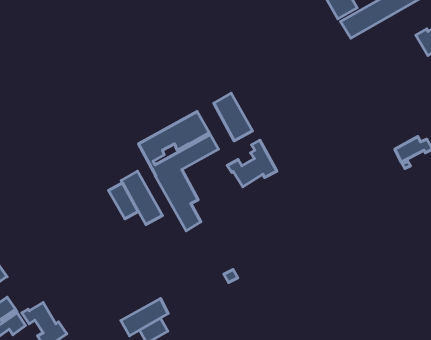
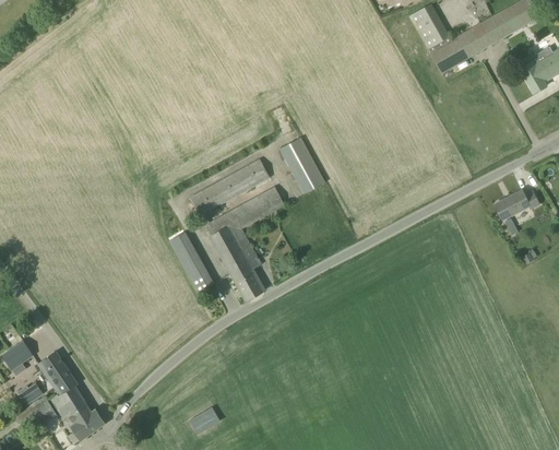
building: [227,140,277,187] -> none
building: [108,183,138,219] -> none
building: none -> [37,352,78,396]
building: [121,299,168,336] -> none

